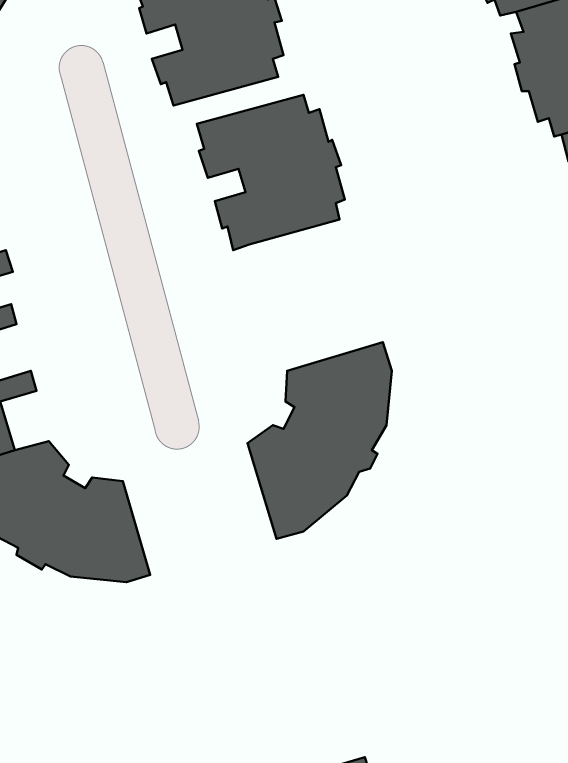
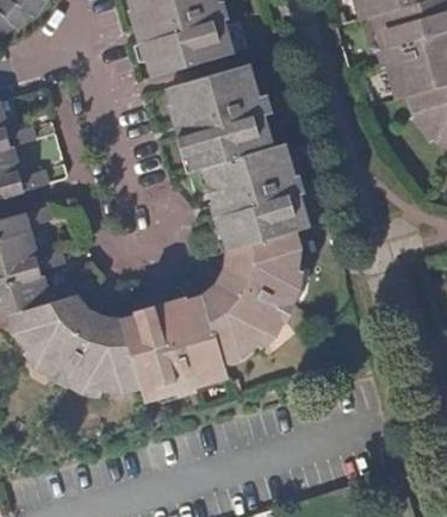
building: none -> [205,147,303,250]
building: none -> [122,298,224,397]

